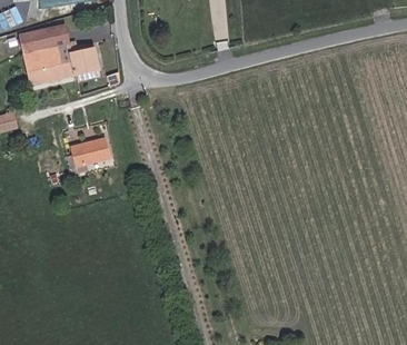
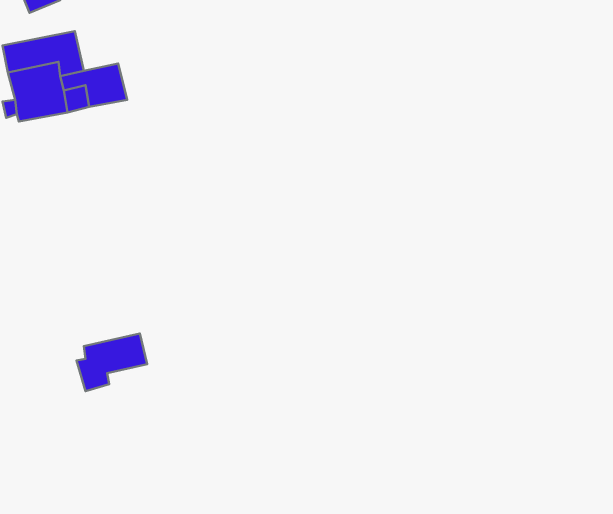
building: [67,138,110,174] -> [77,333,147,391]

